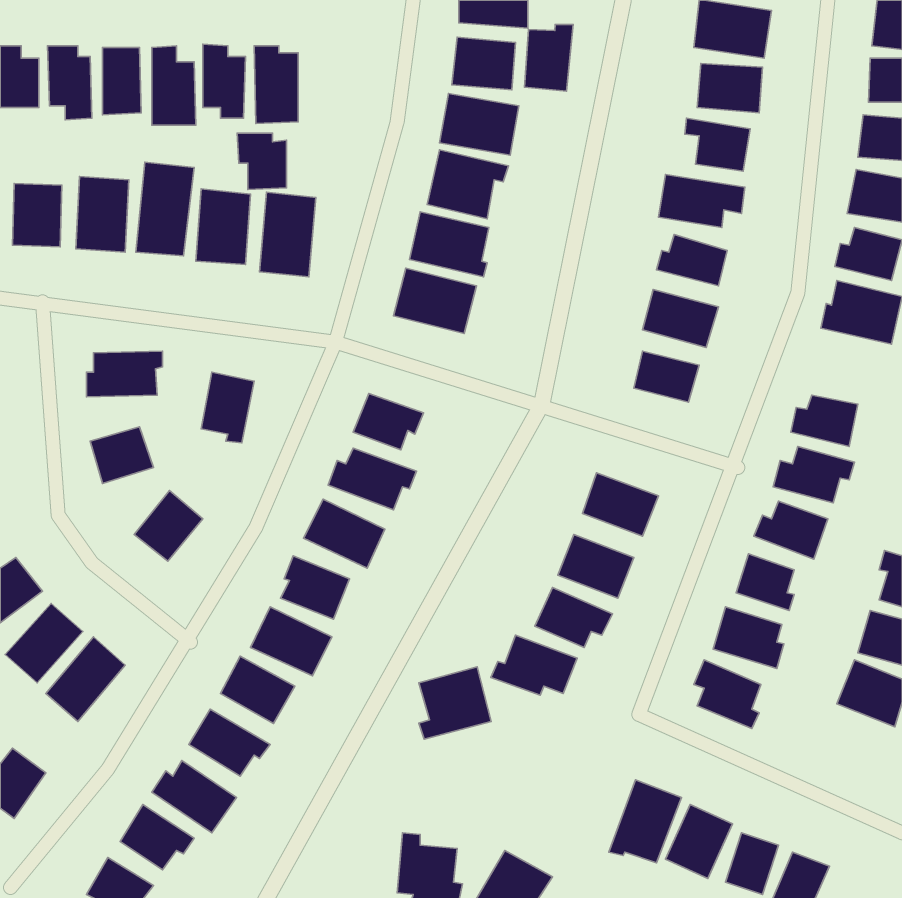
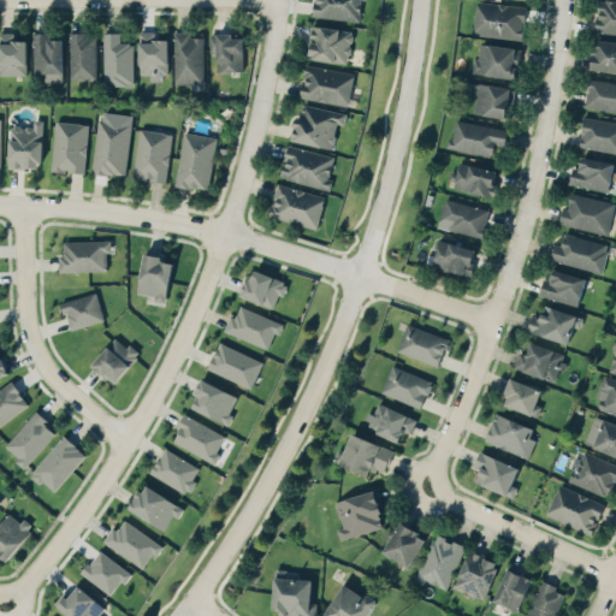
building: [524,24,573,91] -> none
building: [237,133,287,189] -> [209,35,243,73]
building: none -> [550,235,609,274]
building: [419,667,491,739] -> [336,492,385,541]
building: none -> [546,486,604,537]
building: none -> [383,525,425,568]

